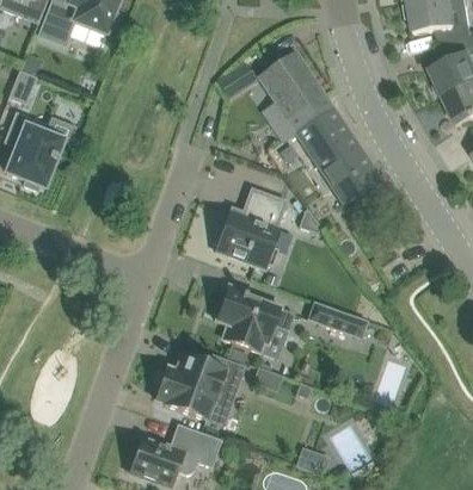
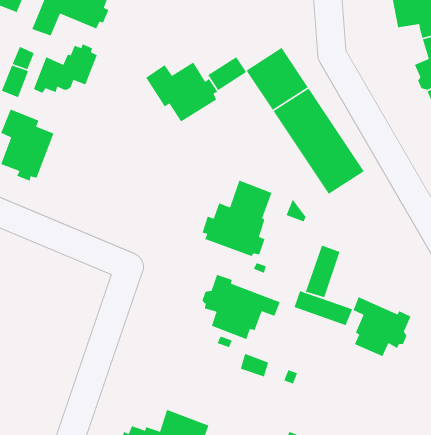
building: none -> [33,43,98,94]
building: none -> [145,61,218,122]
building: none -> [305,245,341,298]
building: none -> [352,296,411,357]
building: [156,355,245,420] -> none

